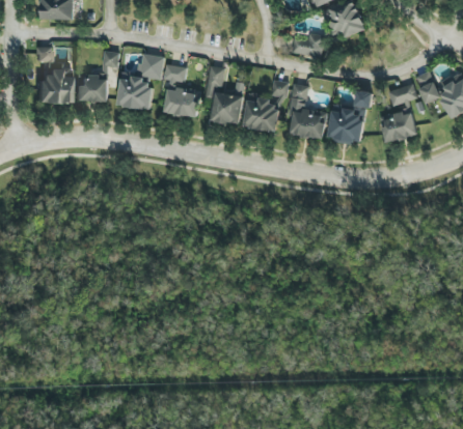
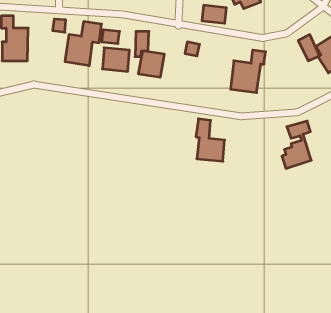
building: [74,75,105,103] -> none
building: [289,84,325,138] -> [196,119,225,161]
building: [380,84,417,144] -> [282,121,311,168]
building: [243,92,278,132] -> none

